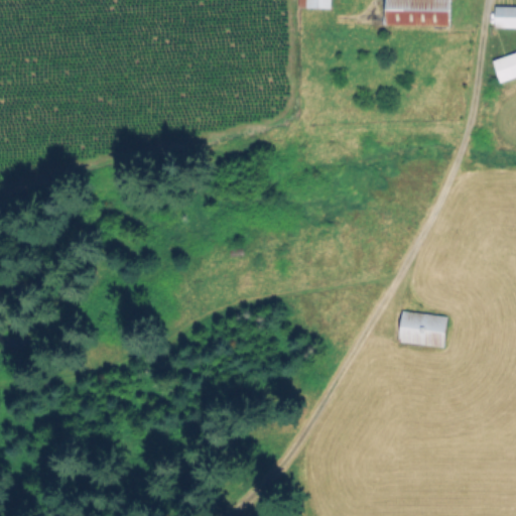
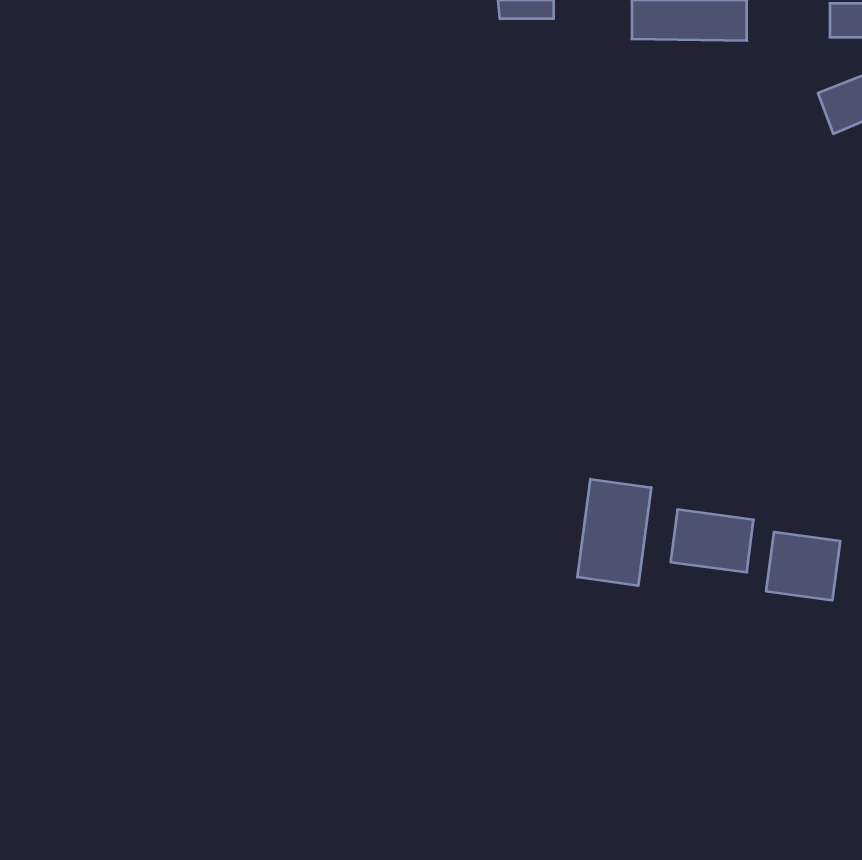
building: none -> [577,479,651,586]
building: none -> [766,532,840,600]

